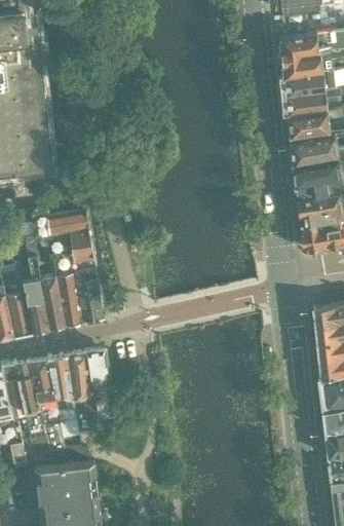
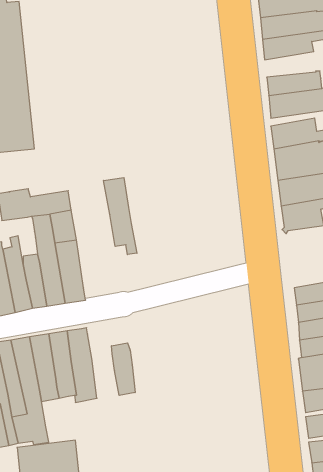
building: [283,72,335,98] -> none
building: none -> [104,178,137,255]
building: none -> [112,343,135,395]

